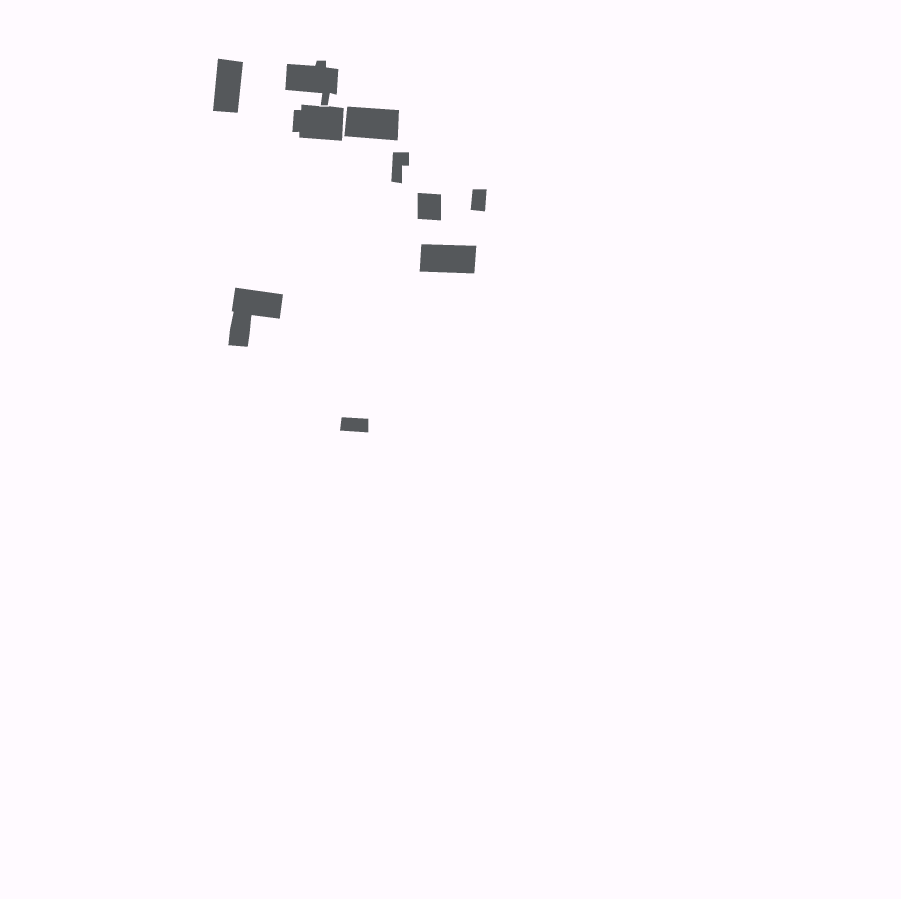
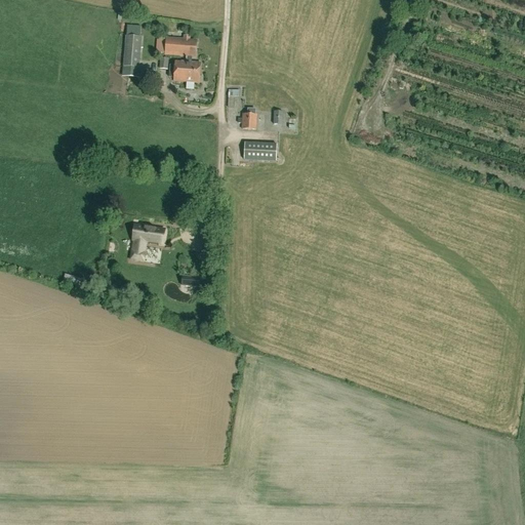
building: [344,106,400,141] -> none
building: [227,287,284,347] -> [130,225,163,259]

